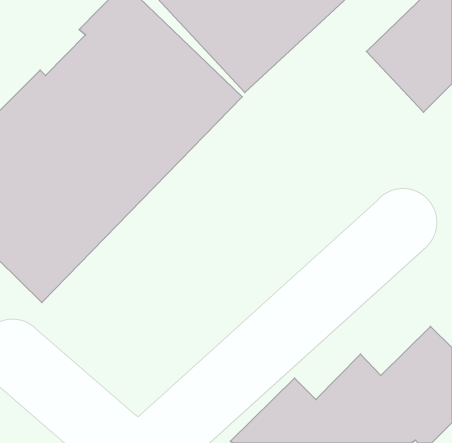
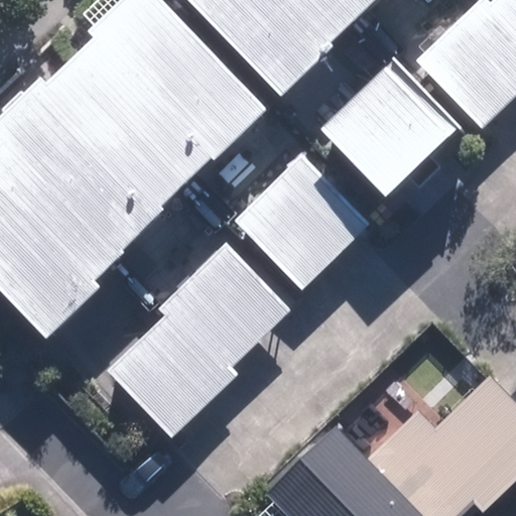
building: none -> [318,56,467,205]
building: none -> [232,149,371,288]
building: none -> [105,237,293,435]

